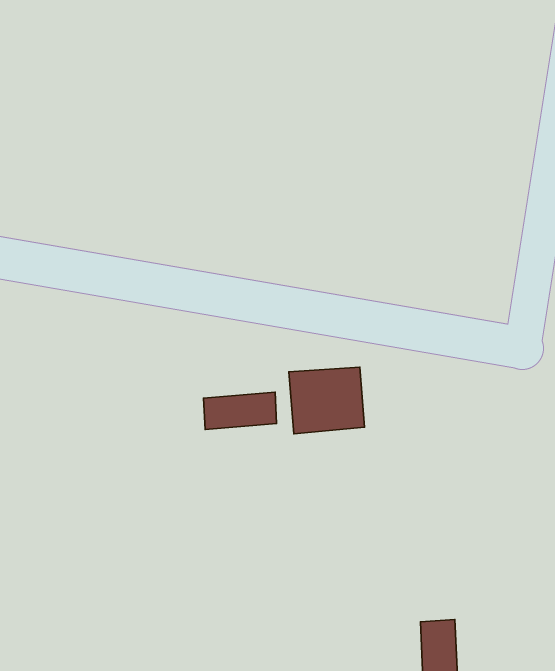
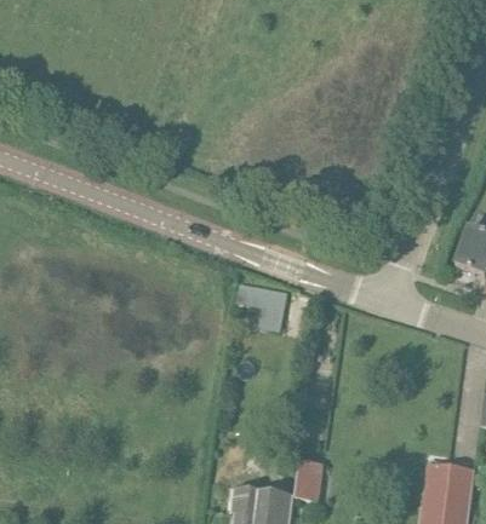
building: [203,392,277,430] -> none

